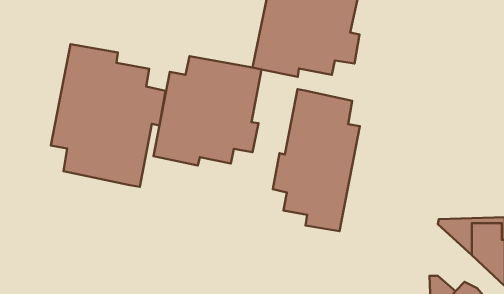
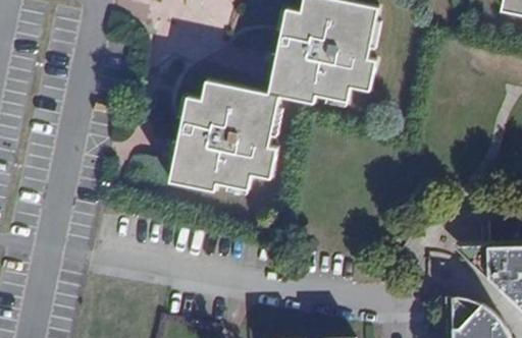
building: [51,44,166,187] -> none
building: [273,89,360,231] -> none

